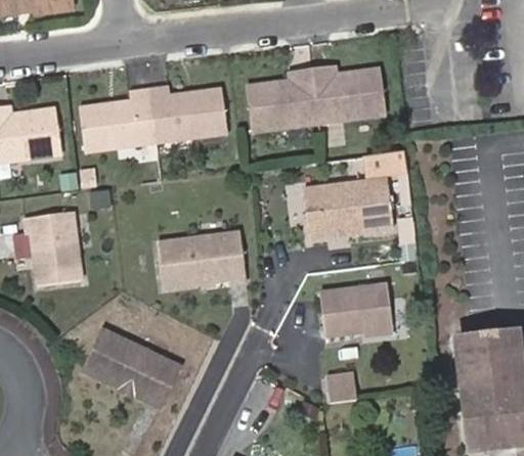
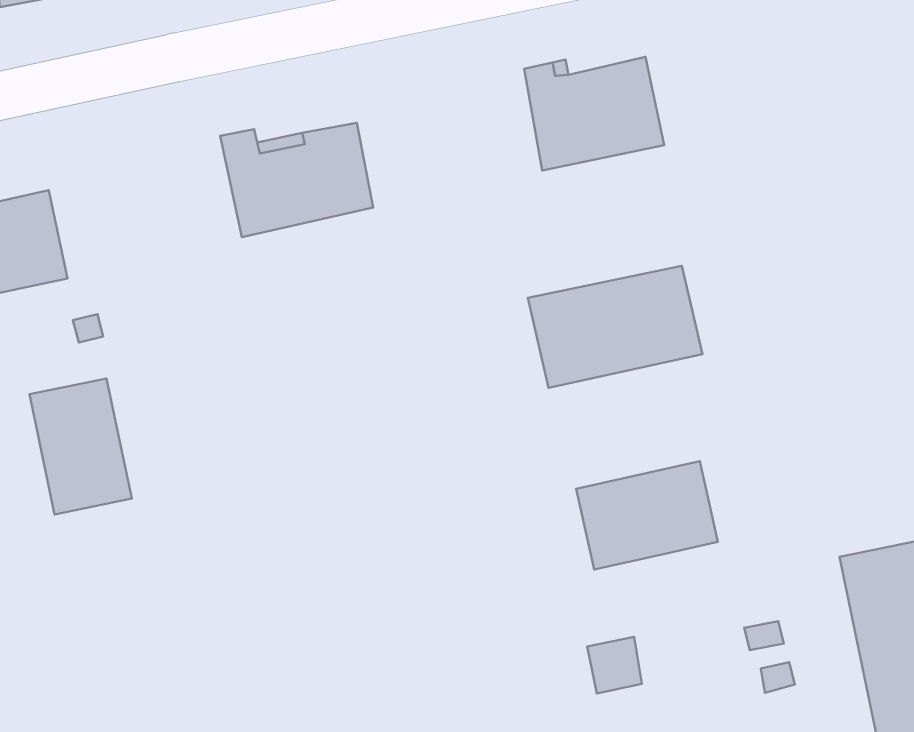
building: [244,66,316,130] -> none
building: [75,89,152,153] -> none
building: [156,233,244,287] -> none
building: [88,327,183,405] -> none

